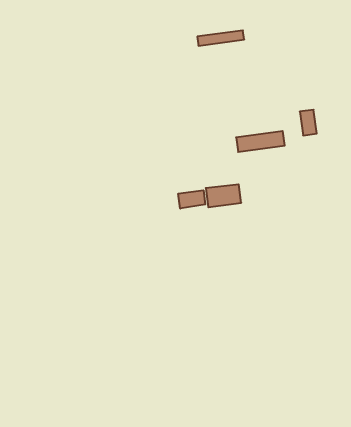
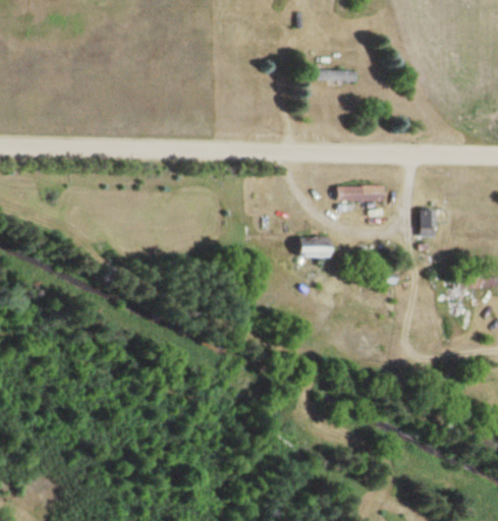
building: [300,110,317,135] -> [422,211,437,237]
building: [178,190,205,209] -> none

